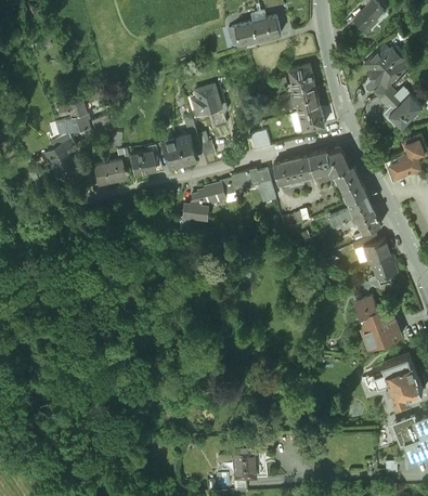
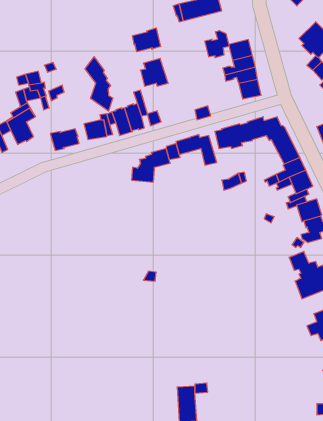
building: none -> [133,28,161,52]
building: none -> [205,31,229,58]
building: none -> [85,57,113,111]

